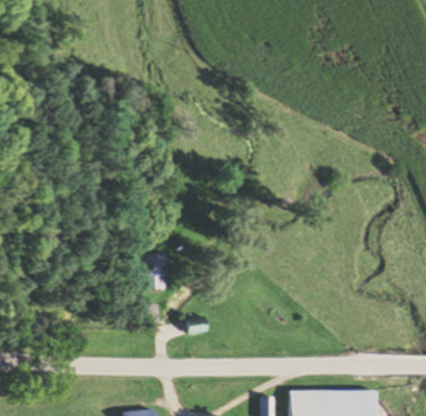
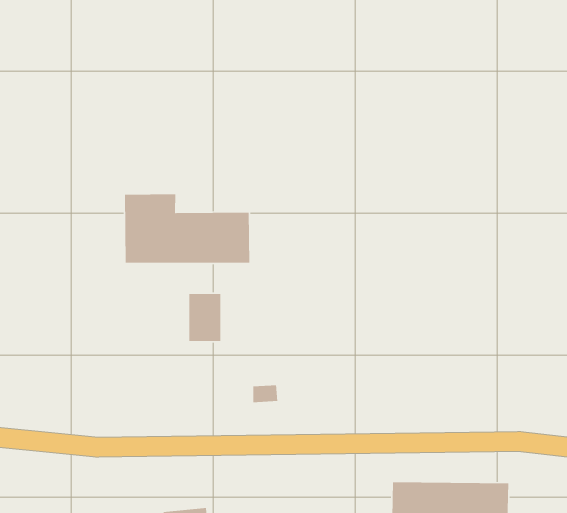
building: none -> [124,194,250,264]

